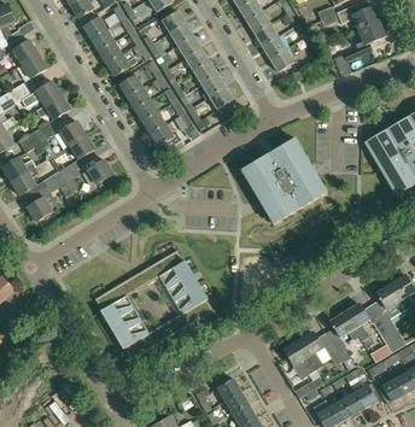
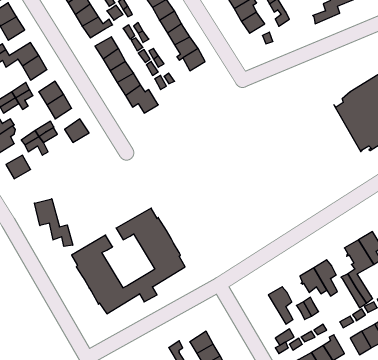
building: [239,138,326,224] -> none
building: none -> [34,199,73,246]
building: [282,339,315,378] -> none

